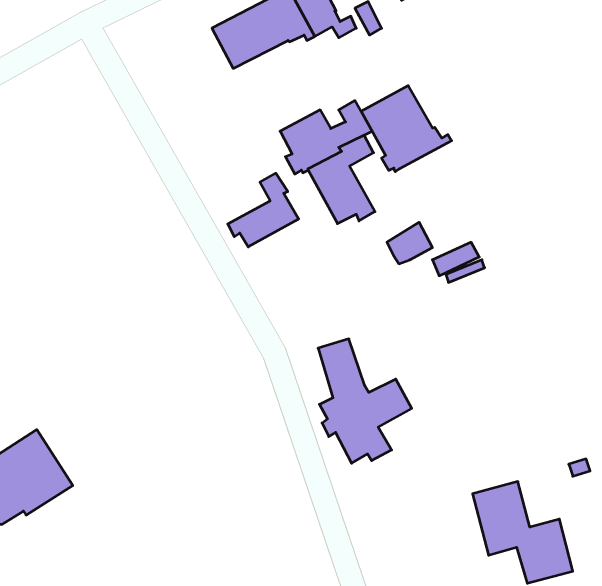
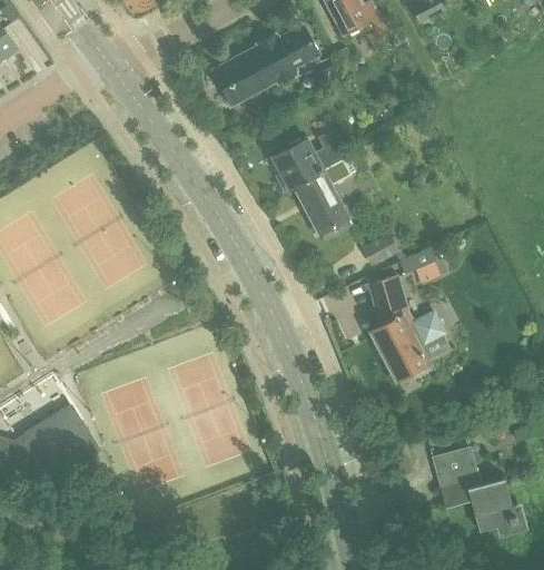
building: [361,86,452,172] -> none
building: [228,173,299,247] -> none
building: [318,339,412,463] -> [369,275,447,379]

